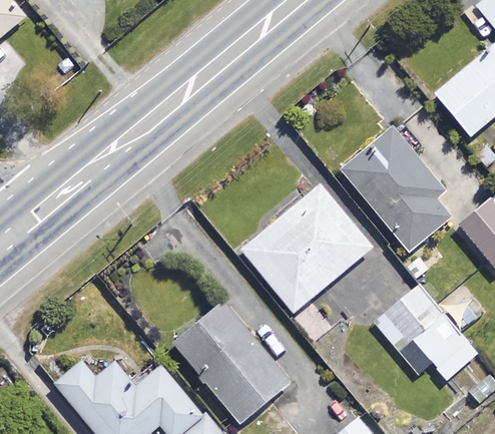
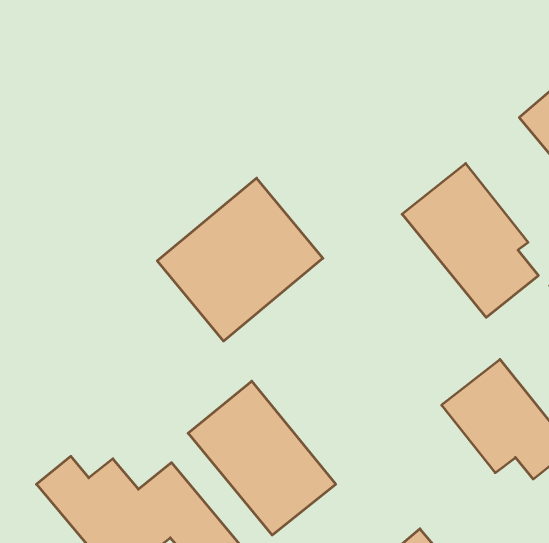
building: [241,184,372,313] -> [157,178,323,341]

